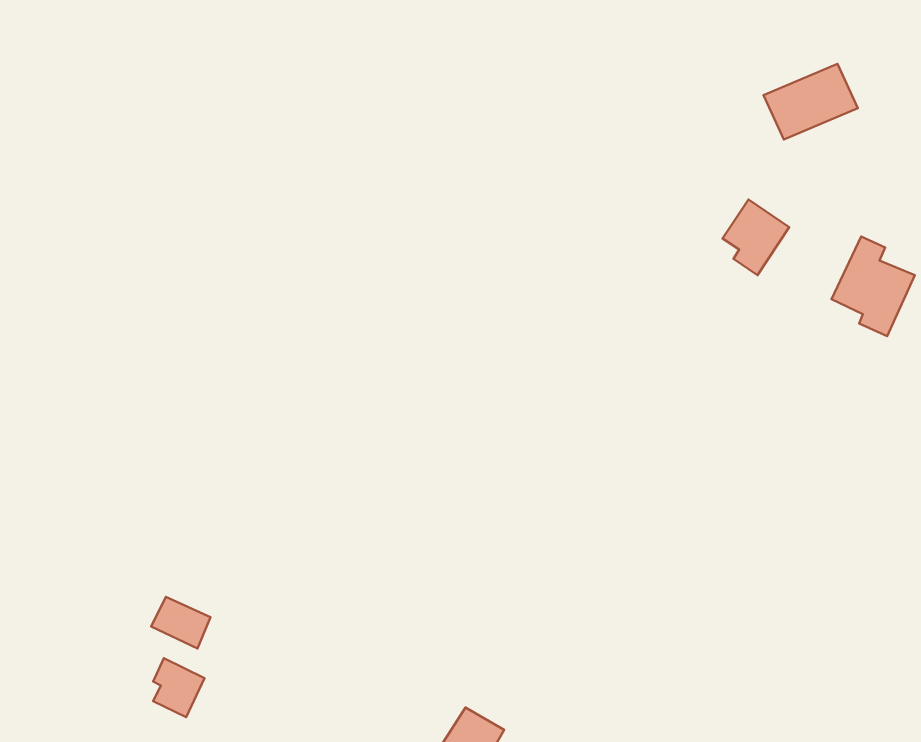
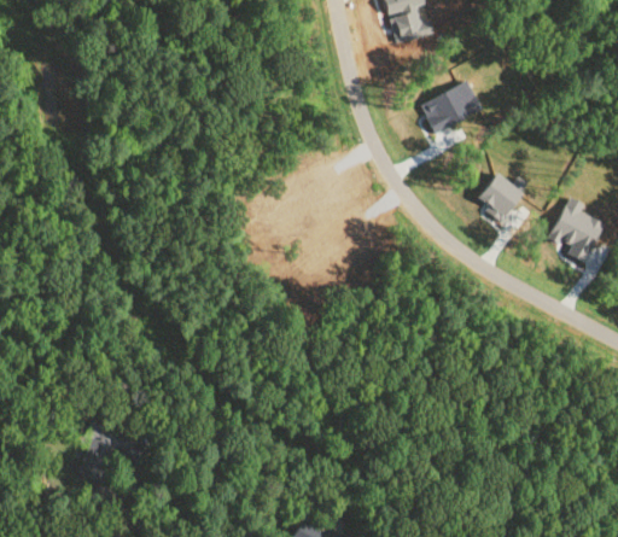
building: [764,64,858,139] -> [420,83,482,133]
building: [153,658,204,717] -> none

